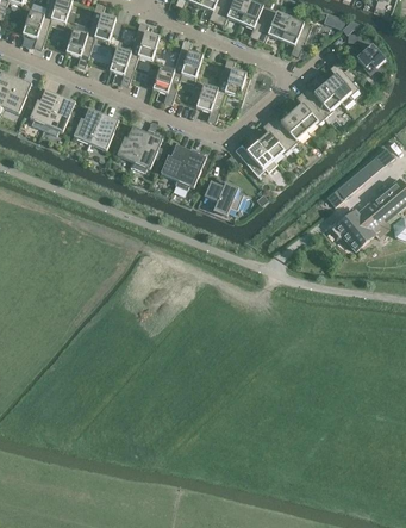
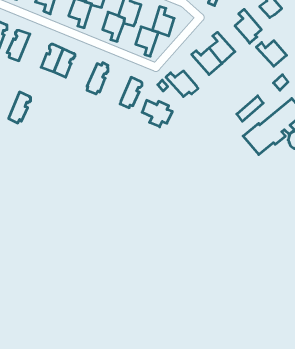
building: [301,83,341,117] -> [256,41,287,66]
building: [44,94,73,135] -> [9,92,31,123]
building: [257,120,291,161] -> none
building: [115,126,145,162] -> none
building: [160,144,189,181] -> none

